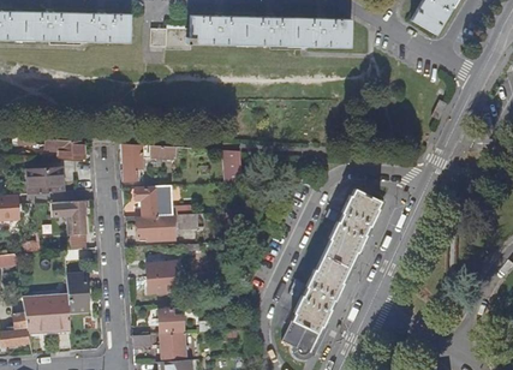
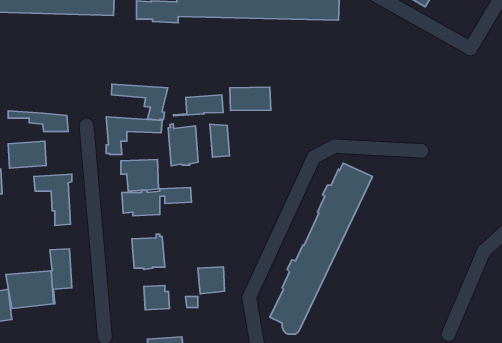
building: none -> [112,84,168,120]
building: none -> [230,87,271,111]
building: none -> [173,95,223,116]
building: none -> [168,124,198,166]
building: [160,332,186,358] -> [198,267,225,294]

